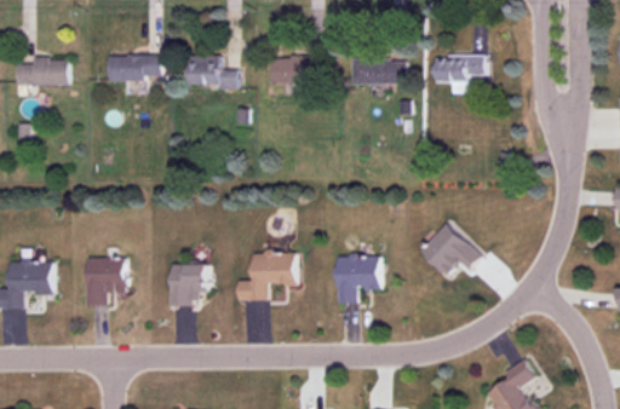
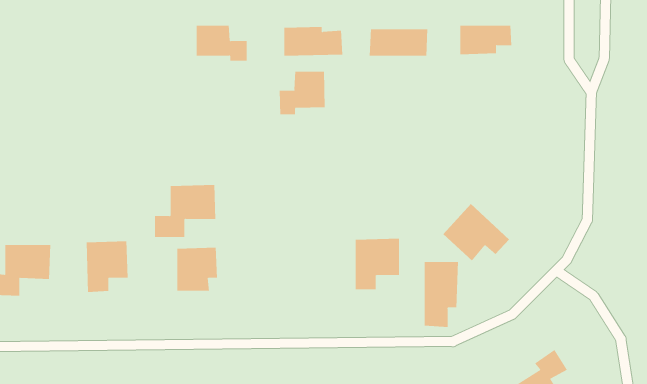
building: [107,54,161,82] -> none
building: [16,58,68,86] -> none
building: none -> [279,71,325,115]
building: [237,252,295,301] -> [154,185,216,237]
building: none -> [424,261,458,328]

